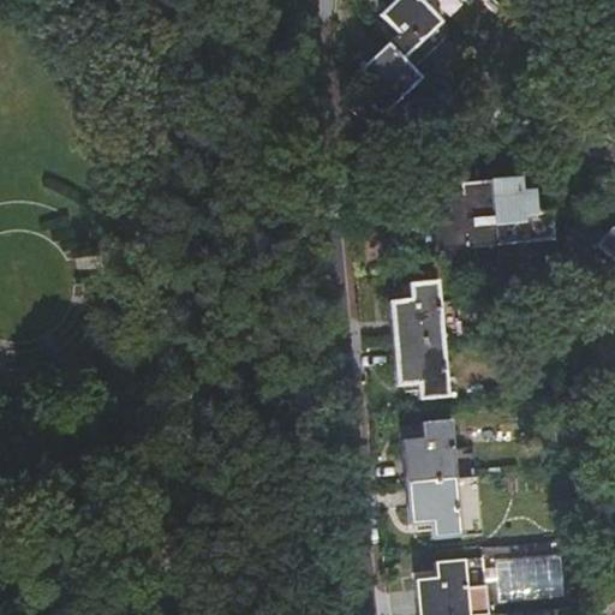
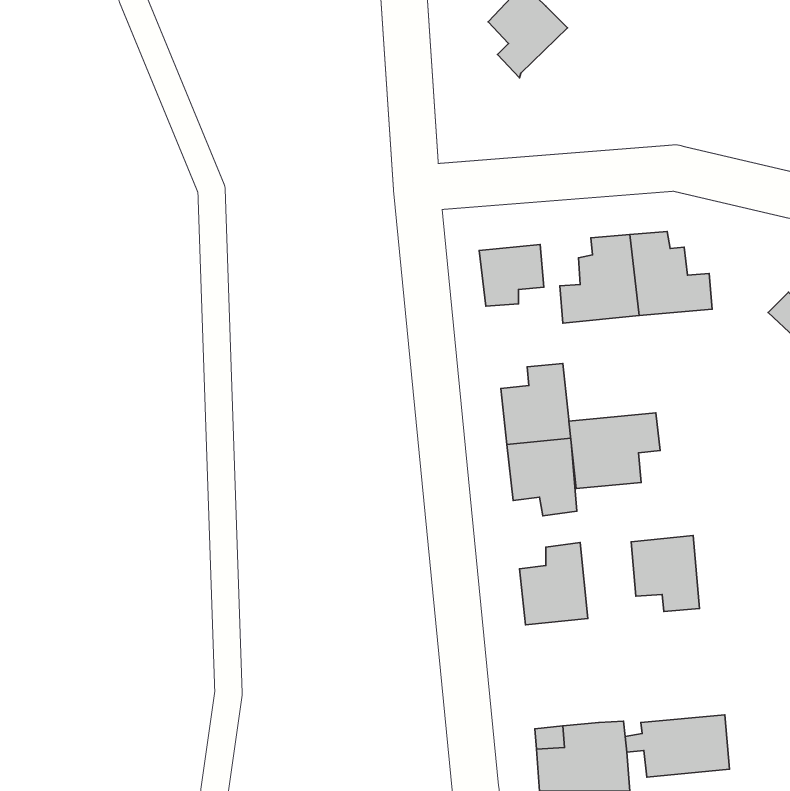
building: [359,42,422,118] -> none
building: none -> [479,244,544,306]
building: none -> [569,413,660,488]
building: [410,478,462,537] -> [631,536,699,612]

